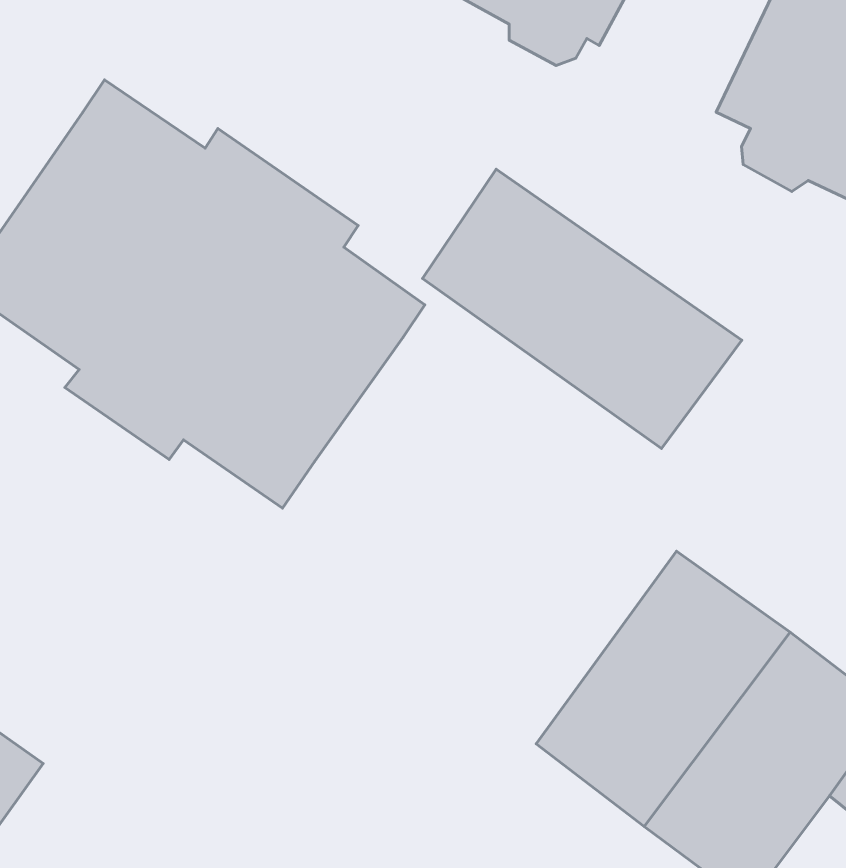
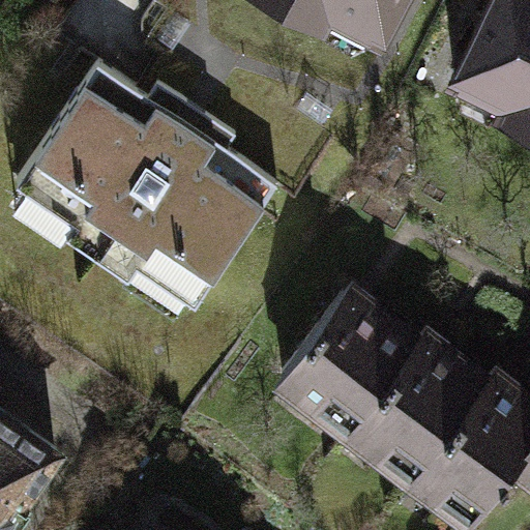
building: [422,169,742,449] -> none
building: none -> [274,275,428,439]

